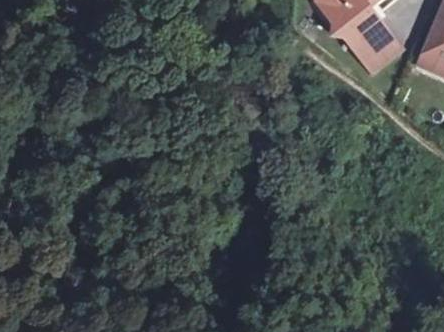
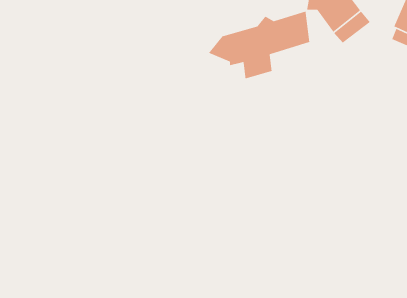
building: none -> [208,11,310,79]

